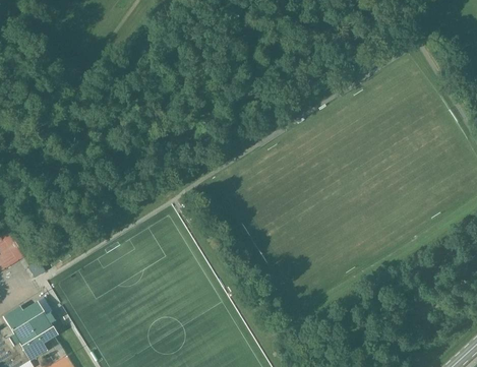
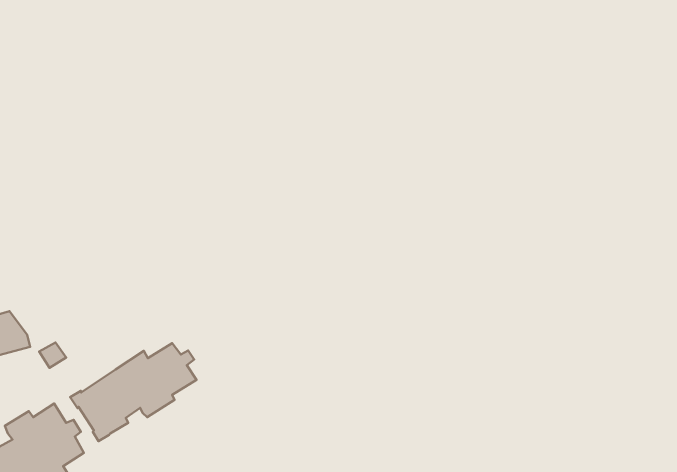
building: none -> [70,343,196,441]

